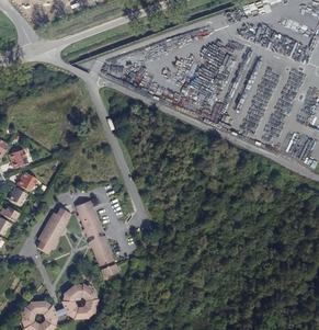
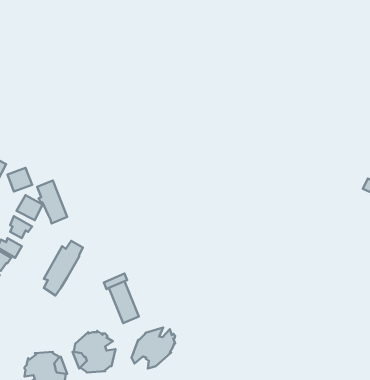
building: [77,201,102,237] -> [37,180,67,223]
building: none -> [131,327,175,368]

